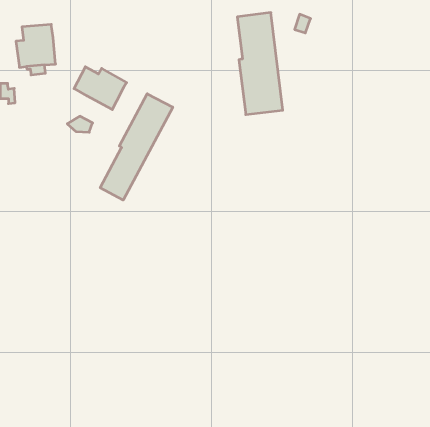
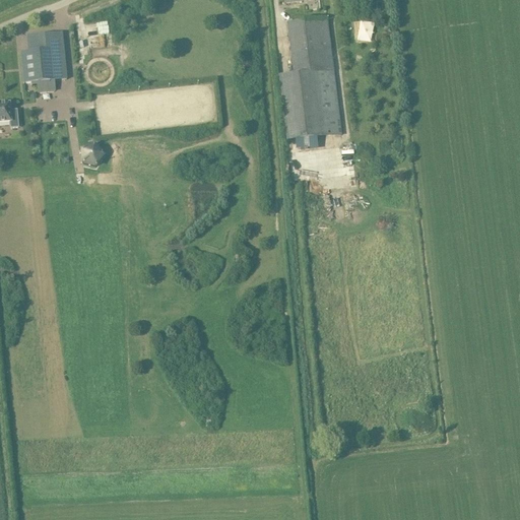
building: [74,67,127,110] -> none
building: [100,94,173,200] -> none

